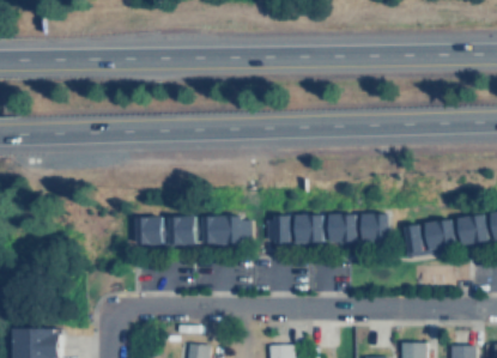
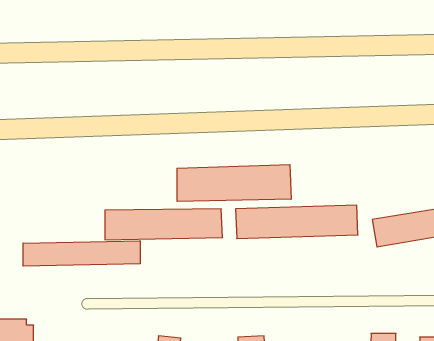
building: none -> [177,165,291,201]
building: none -> [23,241,140,266]

